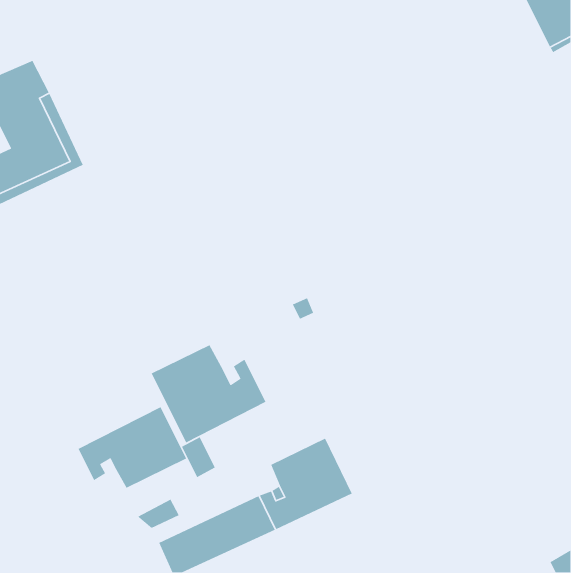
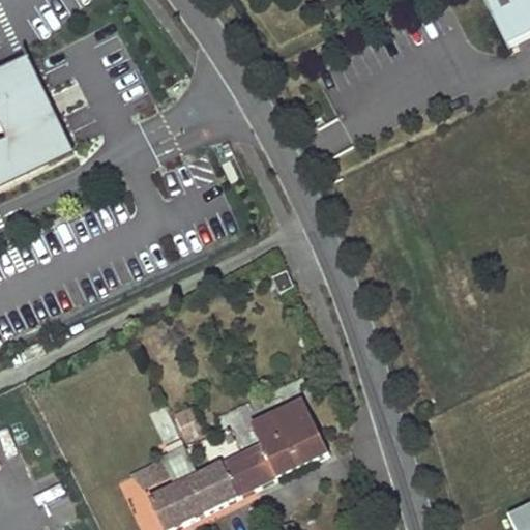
building: [151,344,267,444] -> none
building: [78,406,187,489] -> none

